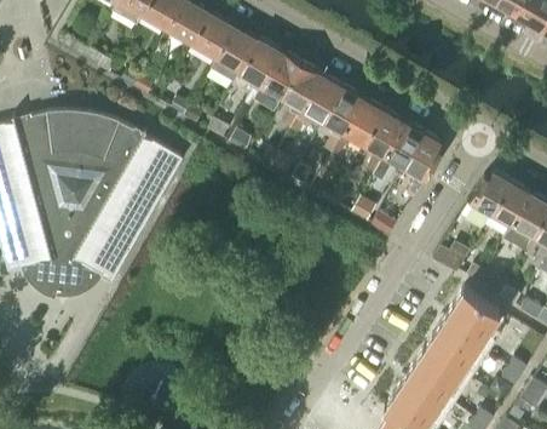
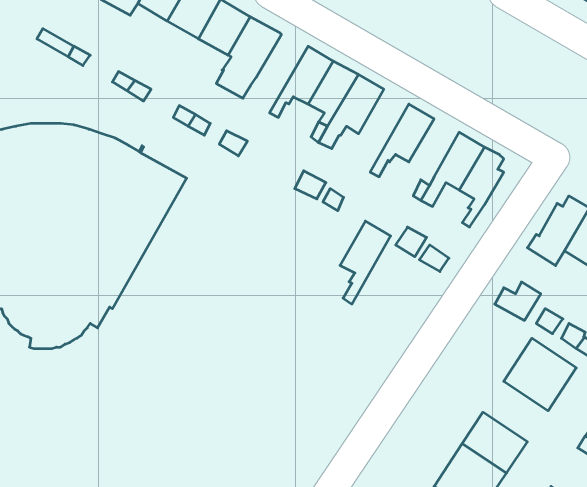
building: [240,38,282,104] -> none
building: [323,85,364,153] -> [340,221,391,304]
building: [364,109,405,156] -> none
building: [425,324,478,373] -> none

